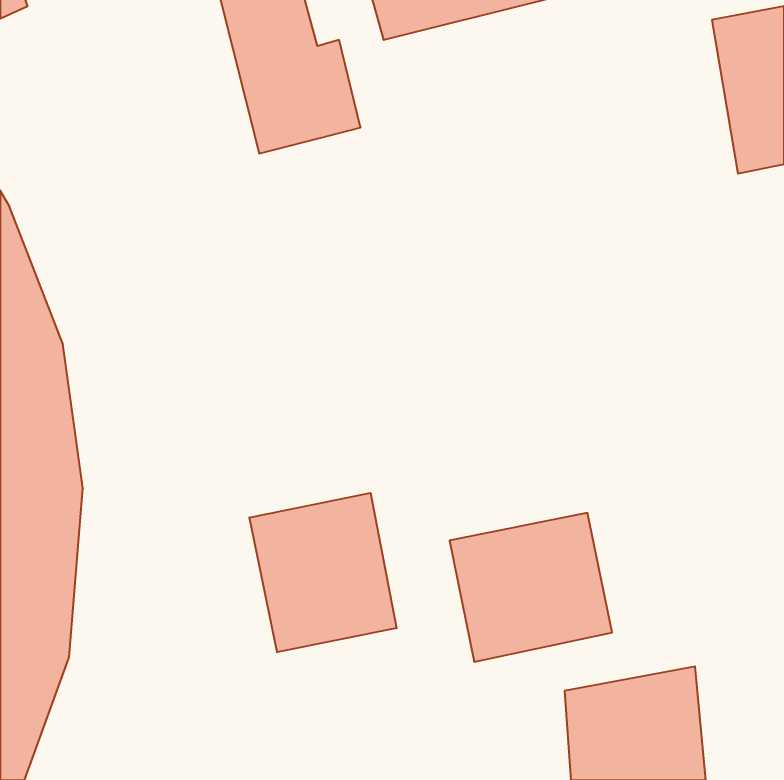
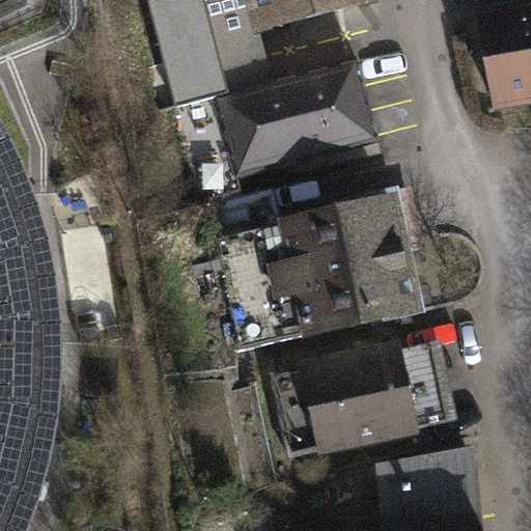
building: none -> [216,57,380,176]
building: none -> [283,187,414,333]
building: [249,493,397,652] -> none

